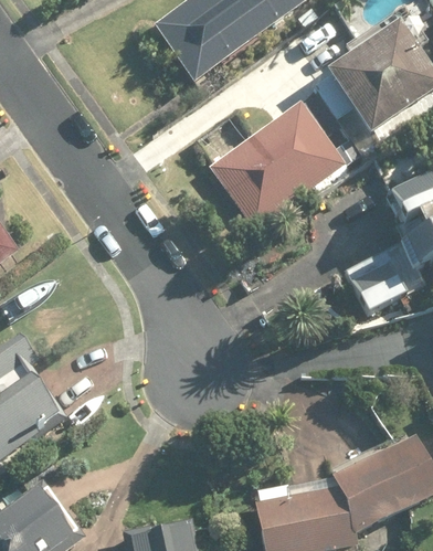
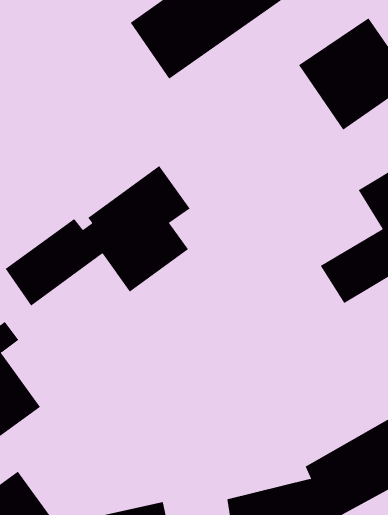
building: [209,96,347,225] -> none
building: none -> [5,165,190,306]

